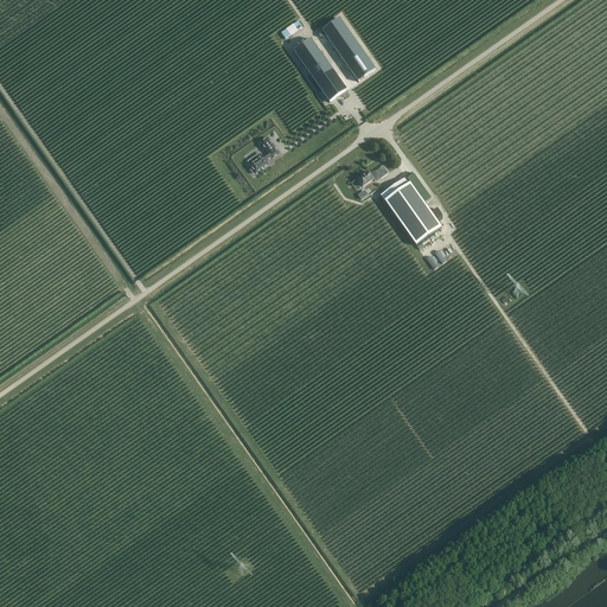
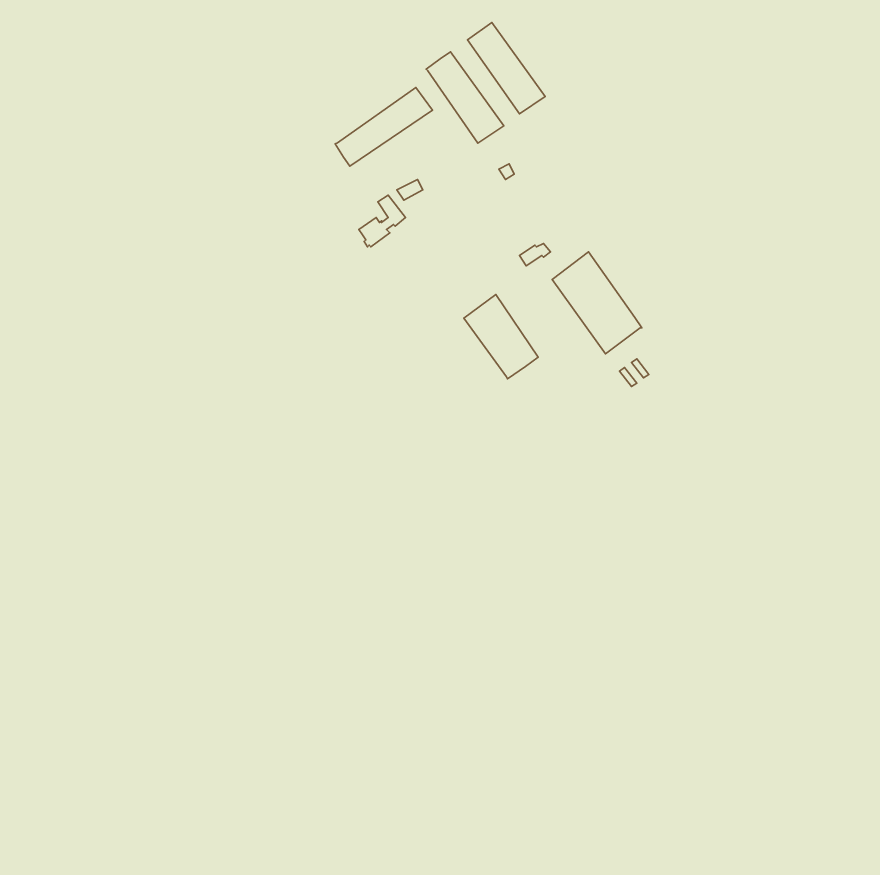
building: none -> [335,88,432,166]
building: none -> [464,295,538,379]

